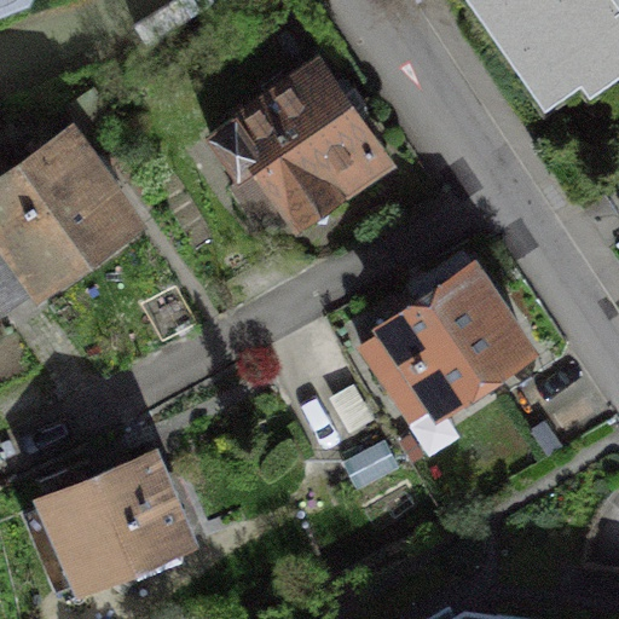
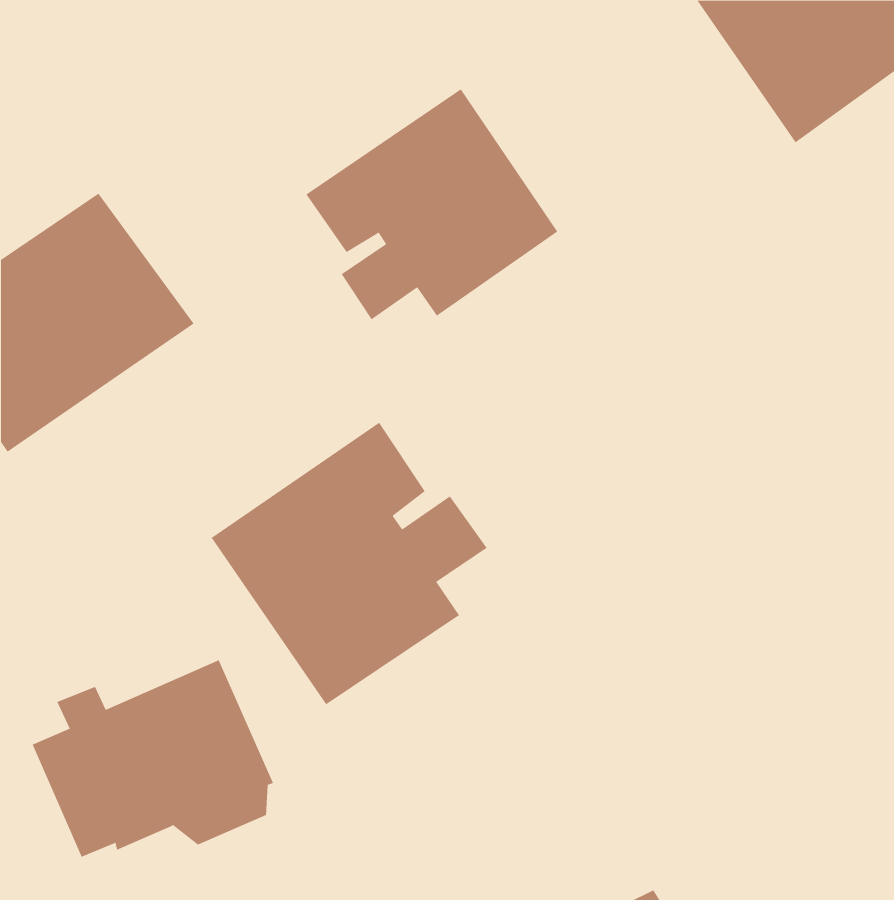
building: [366,266,533,418] -> none
building: none -> [211,422,487,705]

